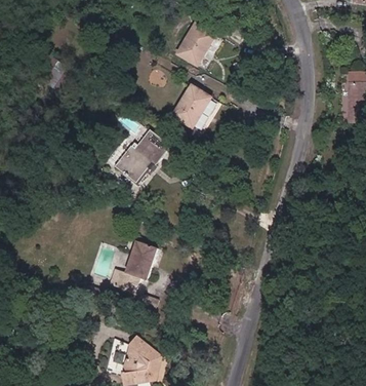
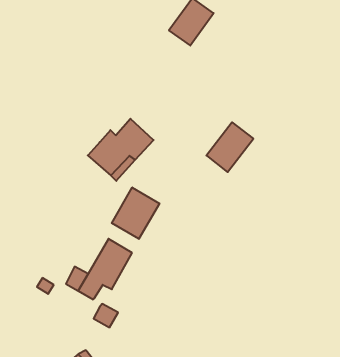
building: [169,83,208,126] -> [206,122,253,172]
building: none -> [112,187,159,239]

